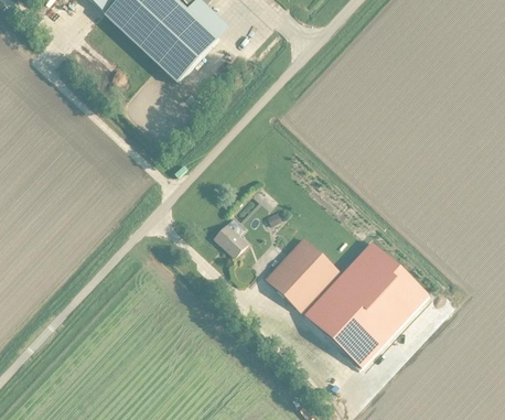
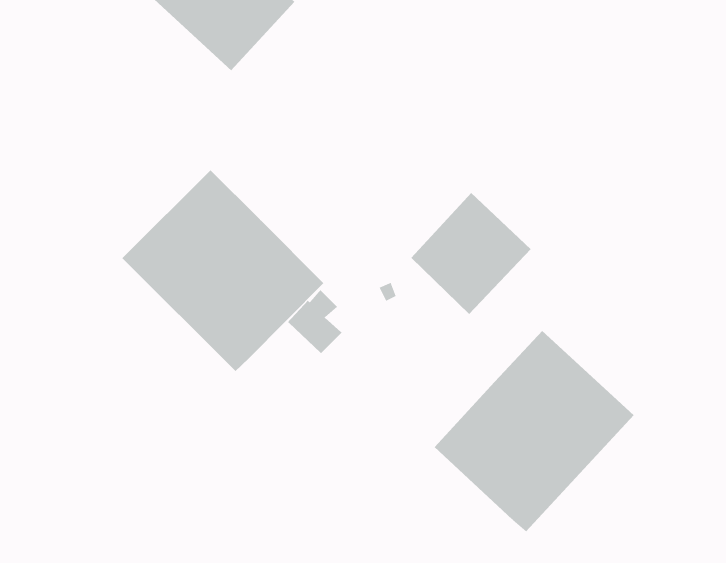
building: none -> [122,170,324,372]
building: [266,237,341,313] -> [411,192,531,315]

